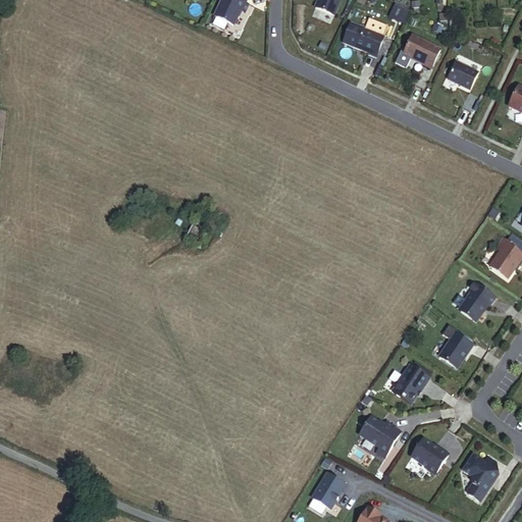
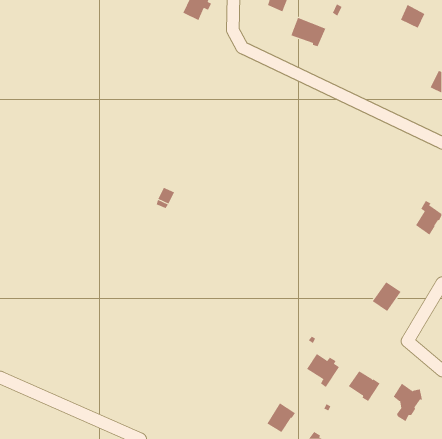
building: [403,34,439,66] -> none
building: [448,59,477,88] -> [400,4,425,28]
building: [460,280,494,321] -> none
building: [394,364,430,403] -> none

